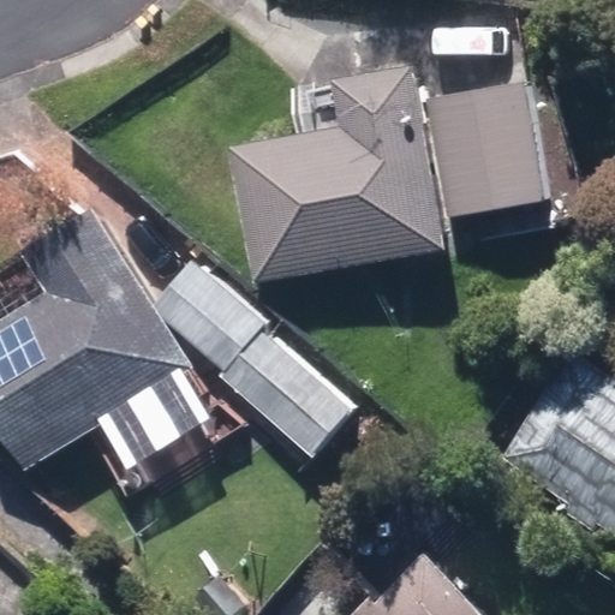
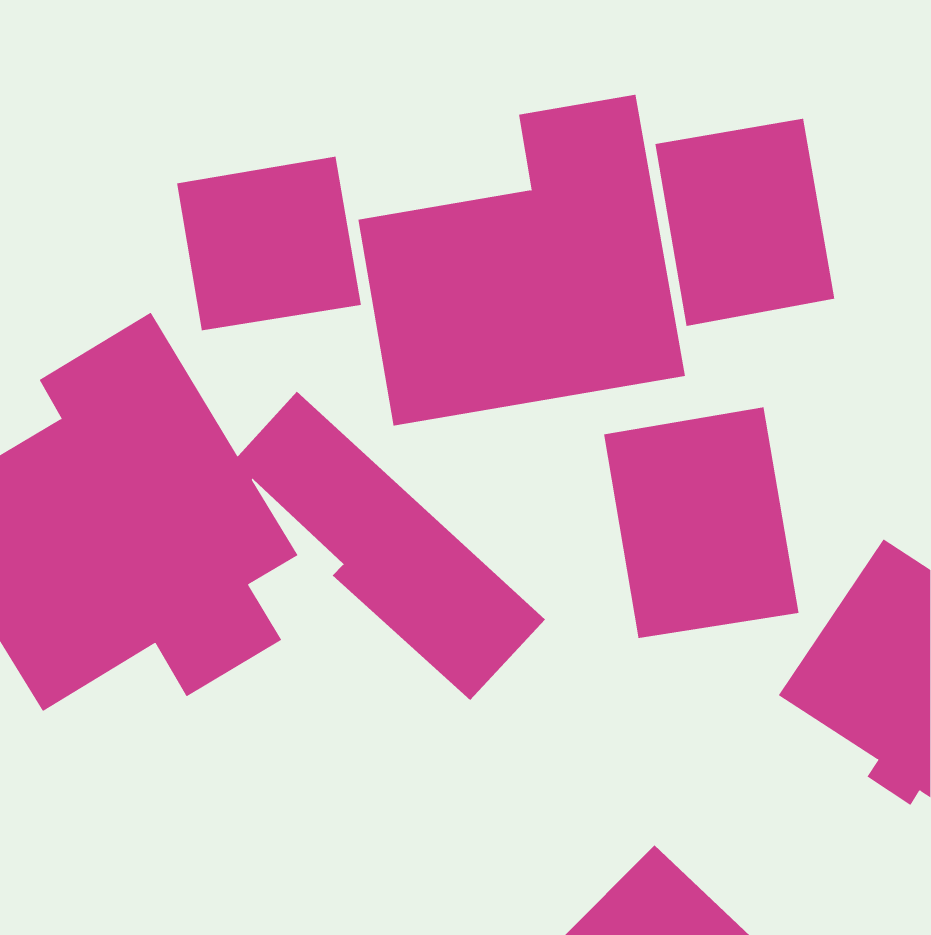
building: none -> [176,156,361,331]
building: none -> [604,406,799,639]

